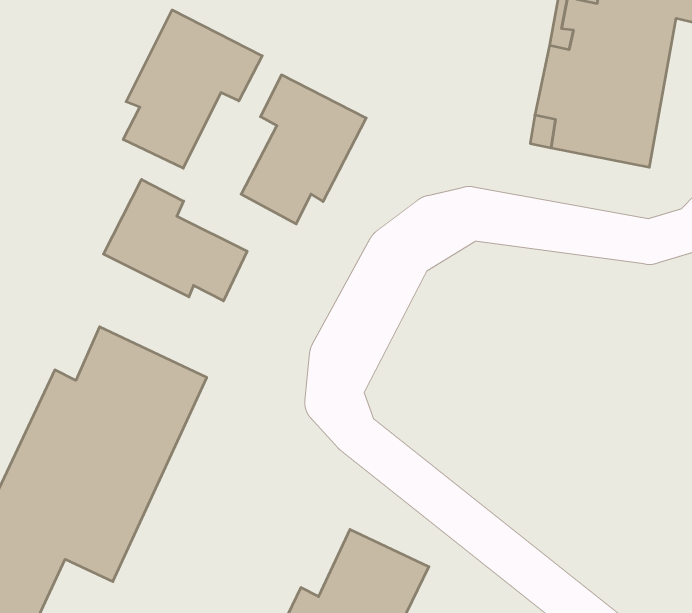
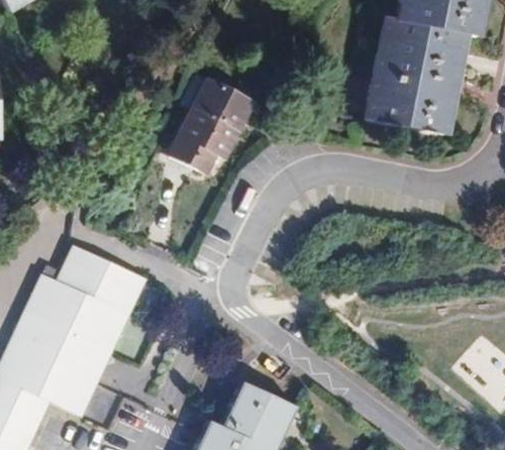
building: [123,10,262,168] -> none
building: [103,179,247,301] -> none

